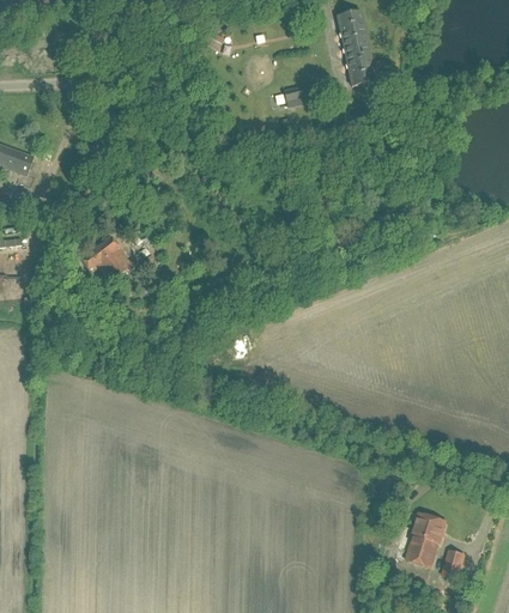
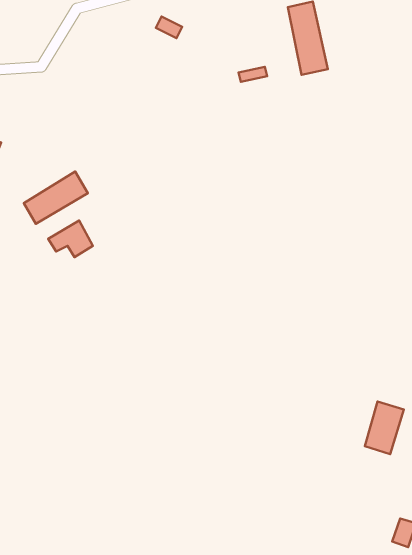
building: none -> [24,172,88,224]
building: [407,511,448,566] -> [365,402,404,454]

